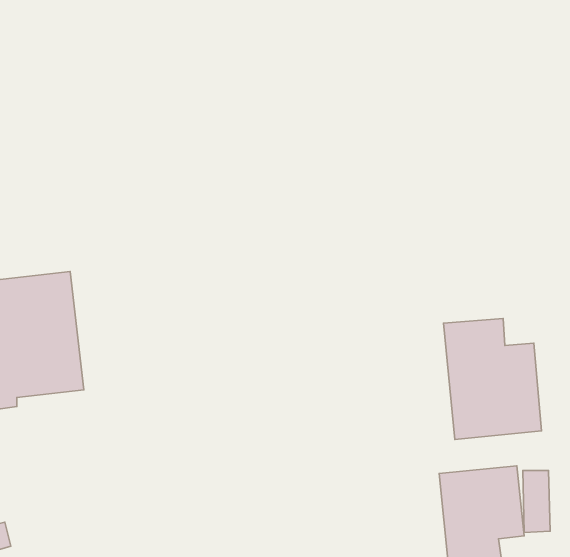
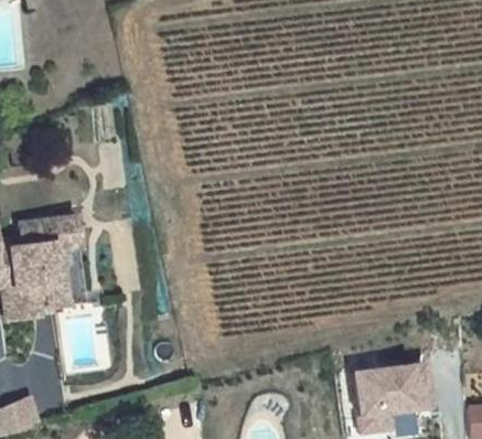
building: [444,319,542,439] -> none

